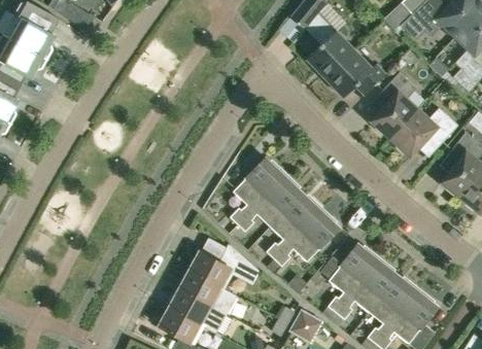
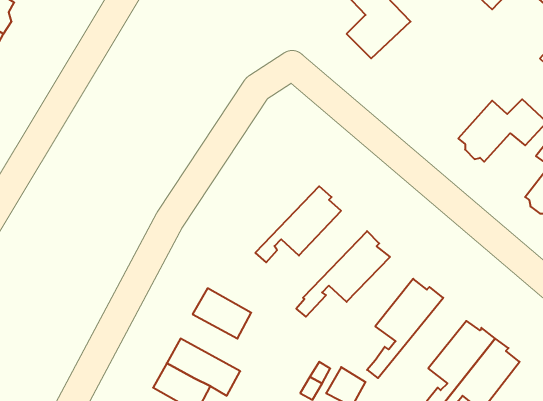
building: [324,49,385,97] -> none
building: [372,72,416,138] -> none
building: [230,158,285,224] -> none
building: [266,193,321,258] -> none
building: [330,258,397,326] -> none
building: [180,271,235,314] -> none

